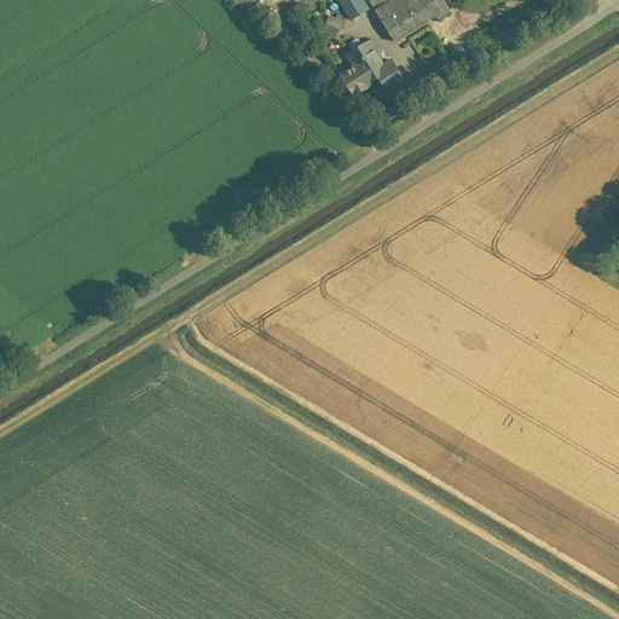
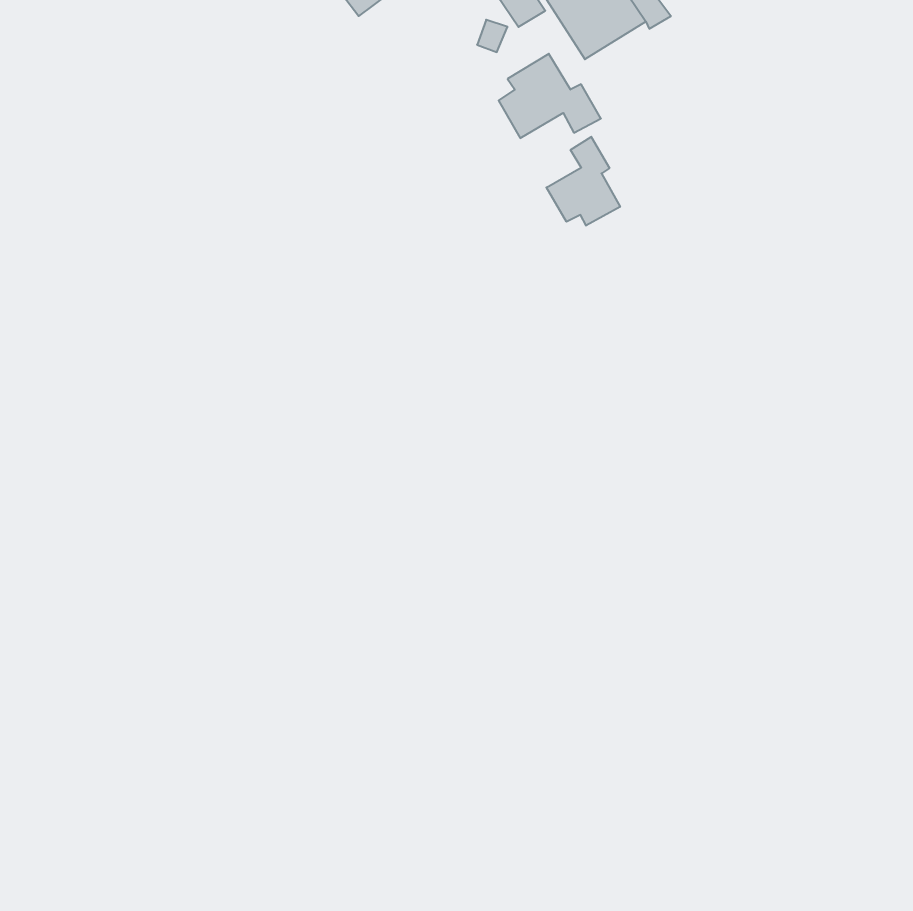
building: none -> [546,137,620,226]

